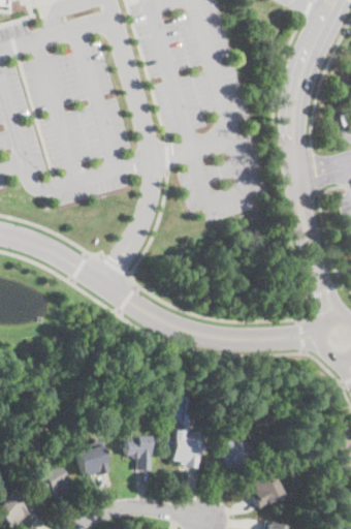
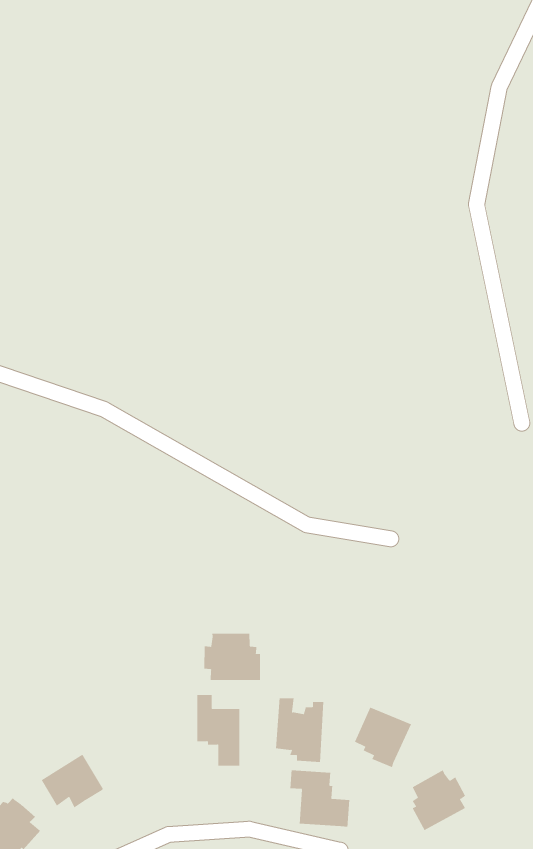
building: none -> [204,633,261,681]
building: [77,446,110,476] -> none
building: none -> [290,769,350,828]

